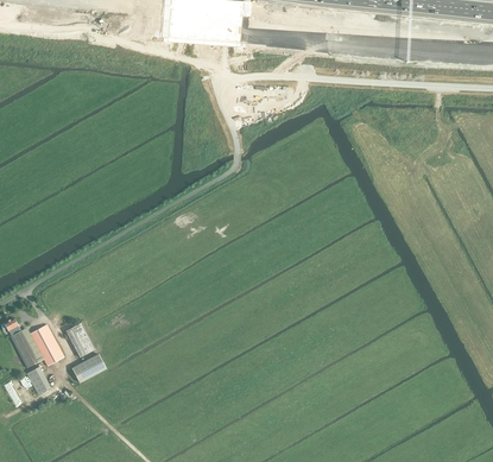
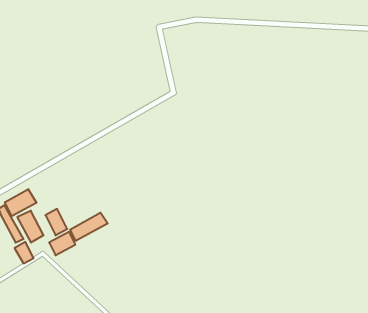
building: none -> [5,189,36,216]
building: none -> [70,213,108,241]

